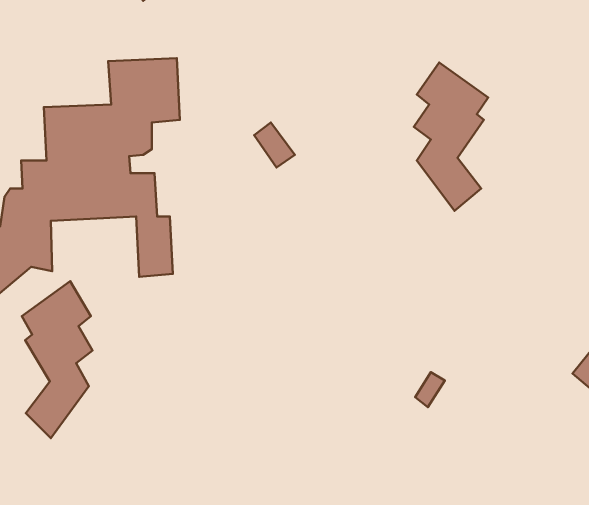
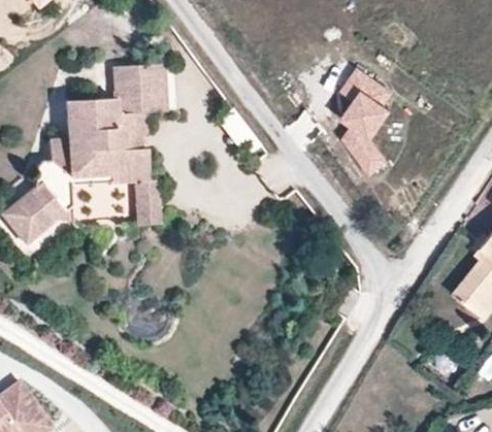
building: [22,281,93,438] -> none

